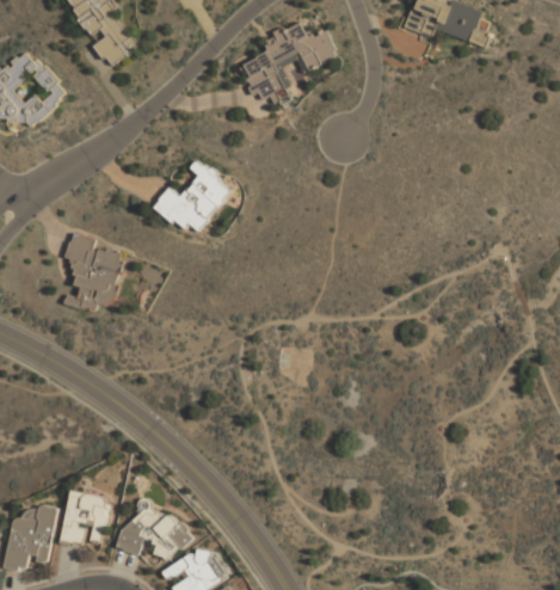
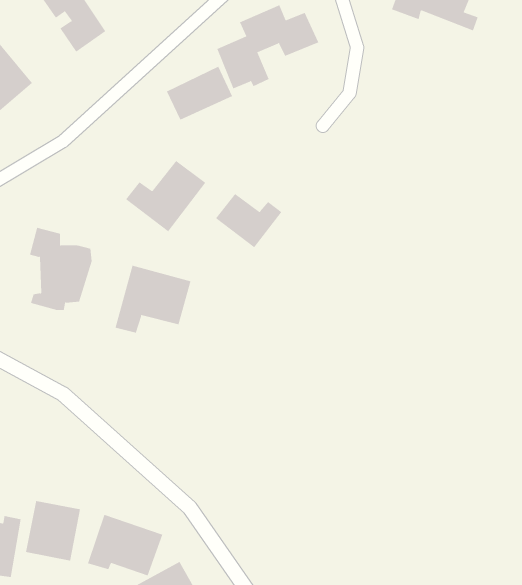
building: none -> [166,66,233,120]
building: none -> [215,193,282,248]
building: none -> [115,265,191,334]

